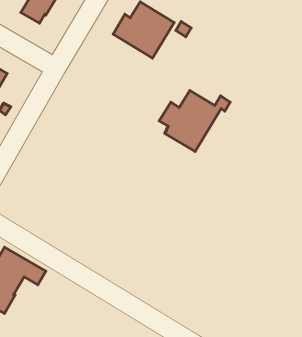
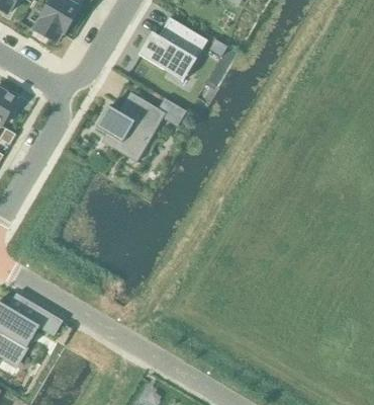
building: [159,90,230,151] -> [96,92,176,161]

